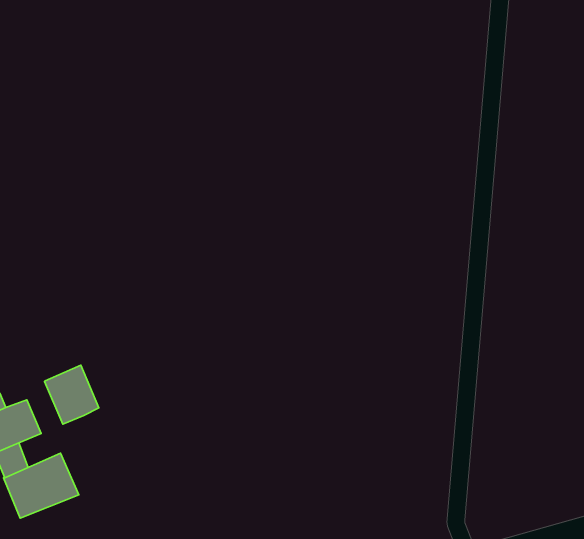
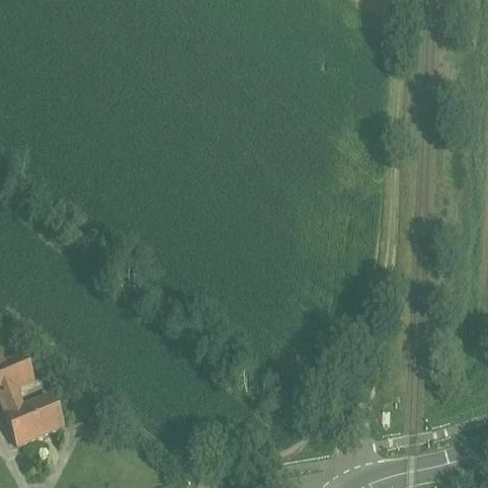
building: [45,365,99,424] -> none

